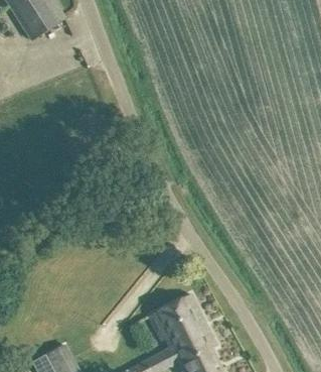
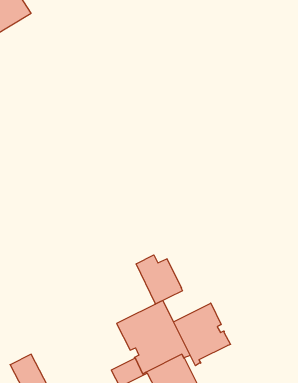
building: none -> [136,255,182,304]
building: none -> [174,303,231,366]

